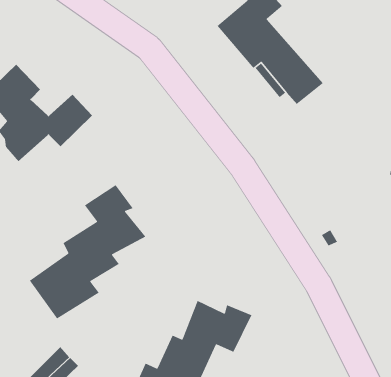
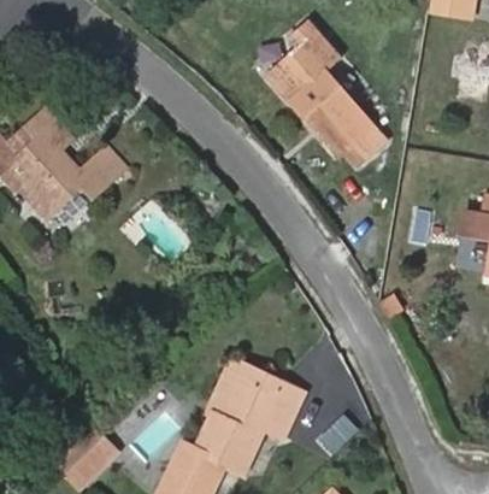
building: [29,184,146,319] -> none
building: none -> [208,359,276,418]

